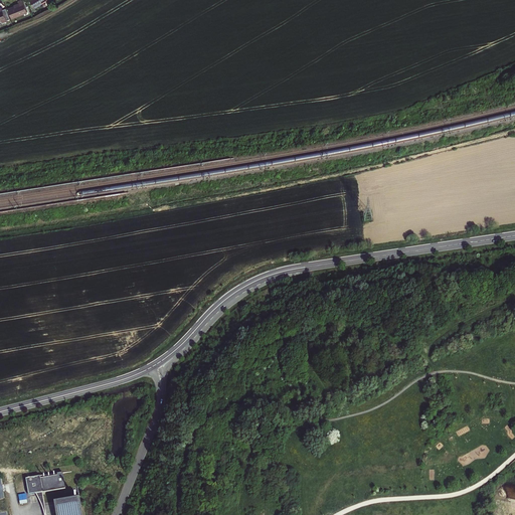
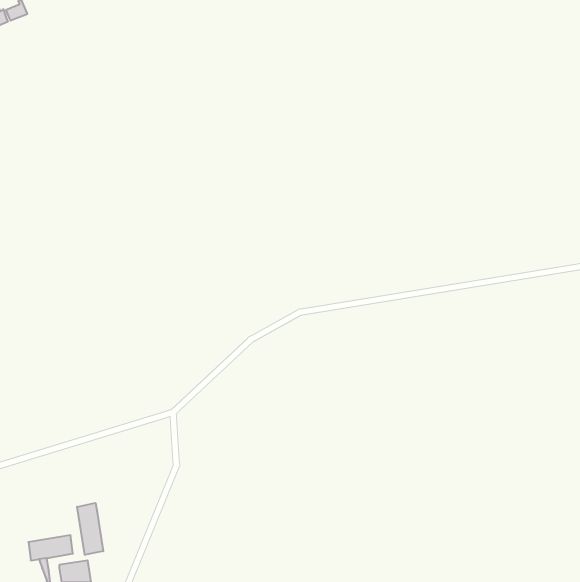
building: none -> [77,503,103,555]

